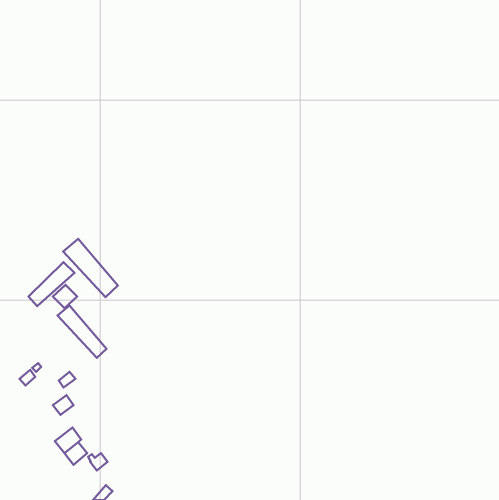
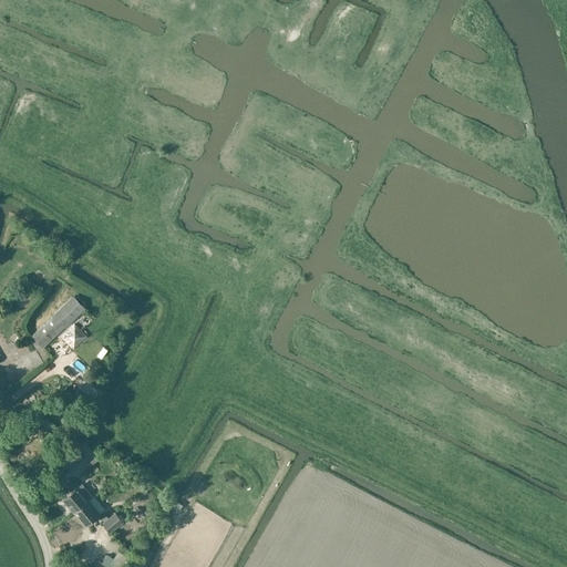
building: [63,239,118,297] -> none
building: [57,306,107,358] -> none

